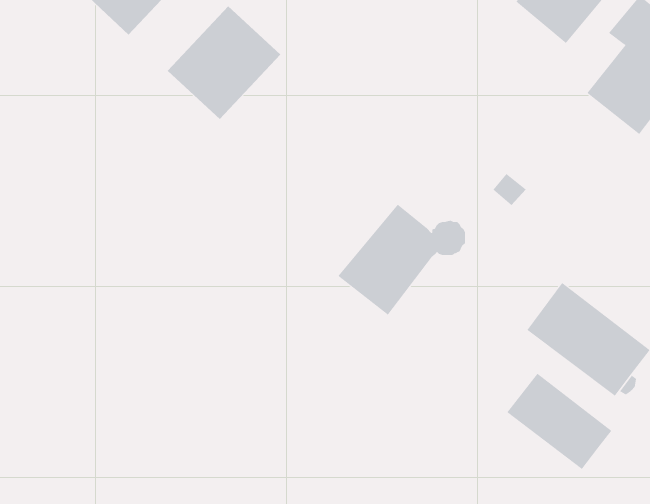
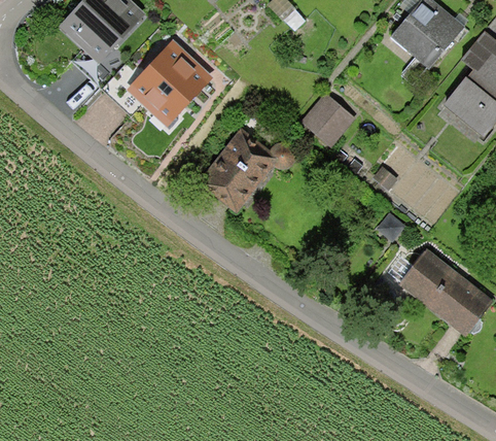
building: none -> [299,91,356,148]
building: [338,204,466,315] -> [199,129,295,213]
building: [506,373,612,470] -> none

